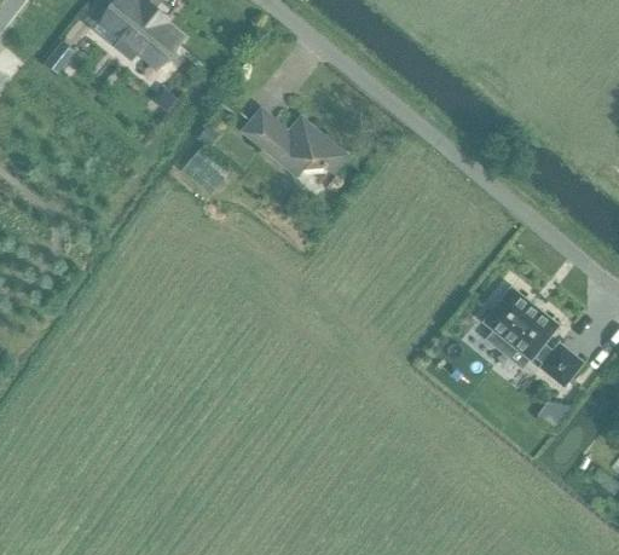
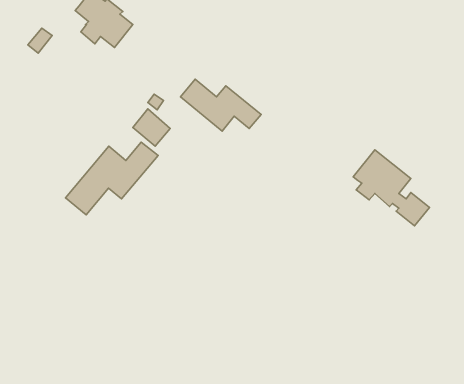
building: none -> [66,142,158,215]
building: [482,288,582,387] -> [353,150,430,226]

